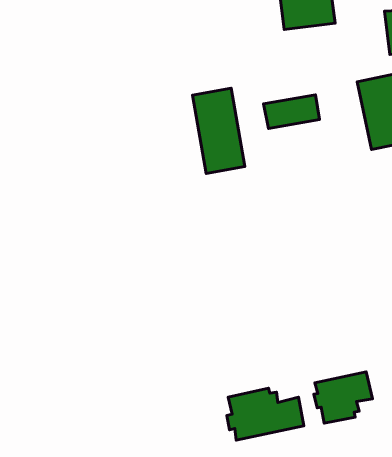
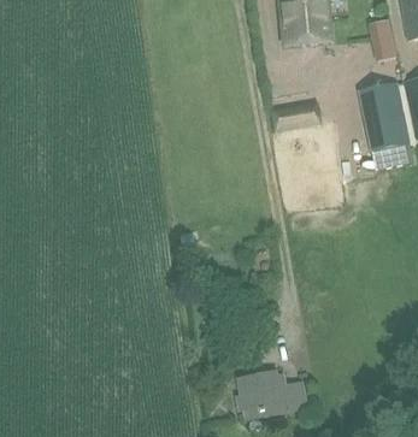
building: [193,88,245,173] -> none
building: [314,372,372,423] -> none

